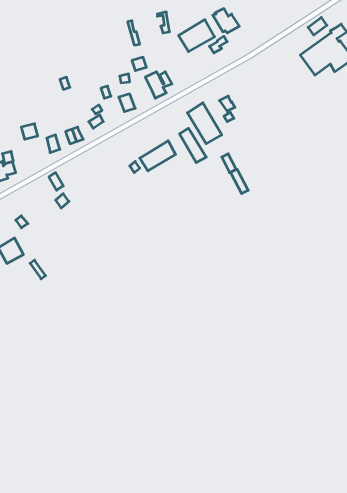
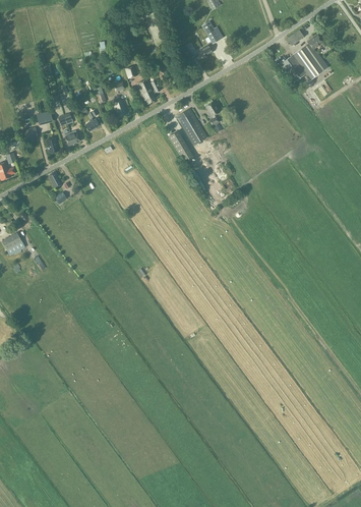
building: [179,20,215,52] -> none
building: [140,141,176,171] -> none

